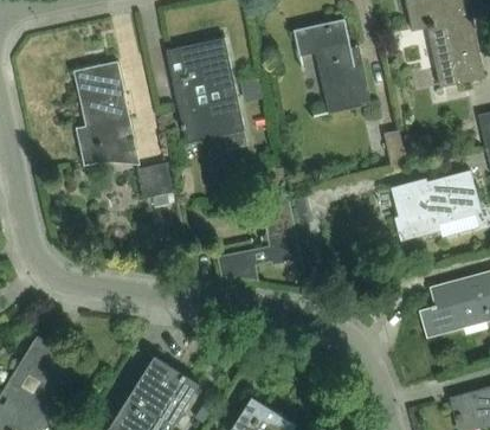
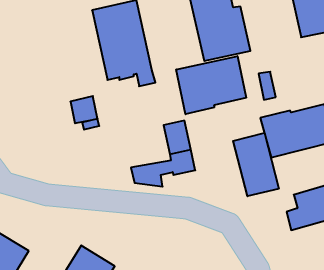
building: [73,59,140,165] -> none
building: none -> [176,56,246,114]
building: none -> [233,133,279,196]

